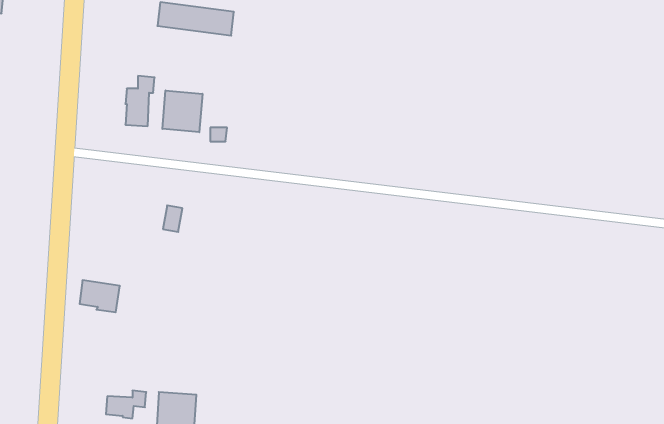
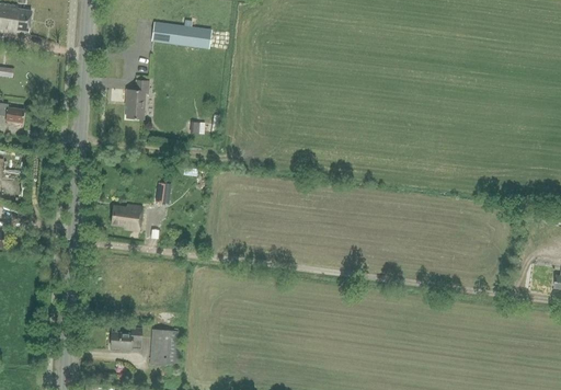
building: [162,90,202,132] -> none
building: [80,280,120,312] -> [111,205,142,230]

